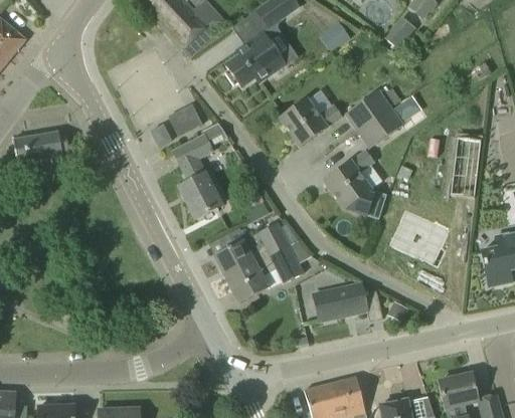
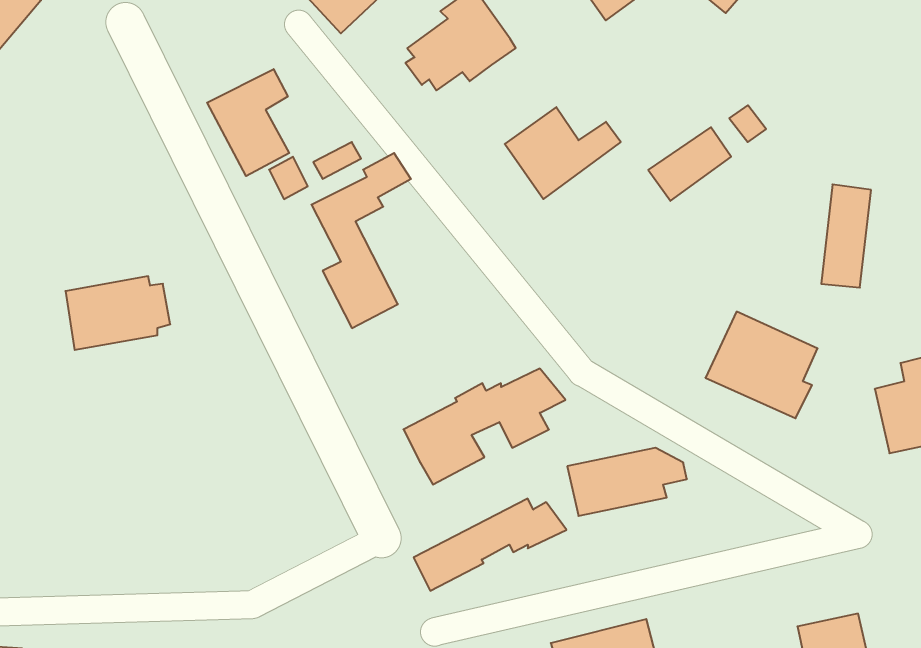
building: none -> [207,69,289,176]
building: [345,85,400,131] -> none
building: [12,127,69,167] -> [65,276,170,350]
building: [323,150,386,218] -> none
building: [214,222,298,272] -> [414,499,566,591]

